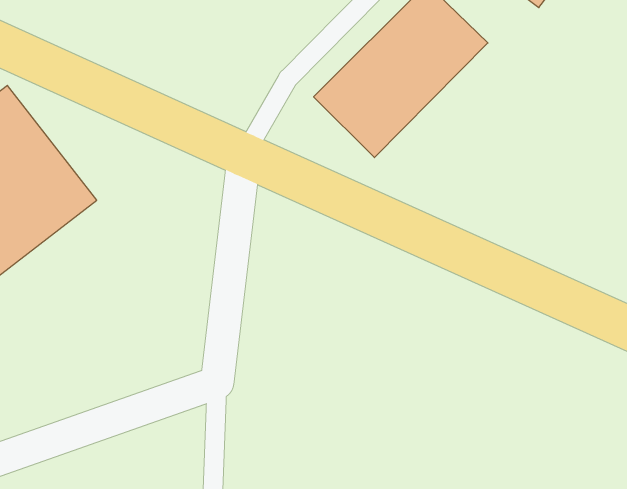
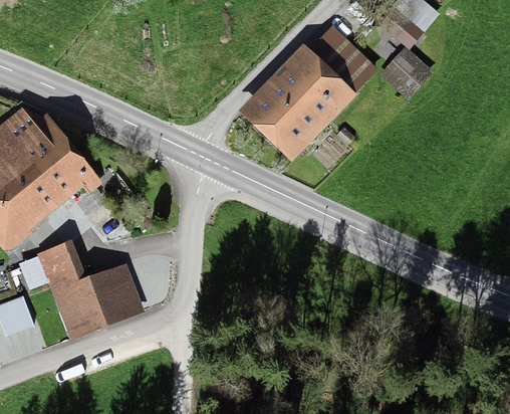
building: none -> [379,46,430,97]
building: none -> [36,242,145,342]

